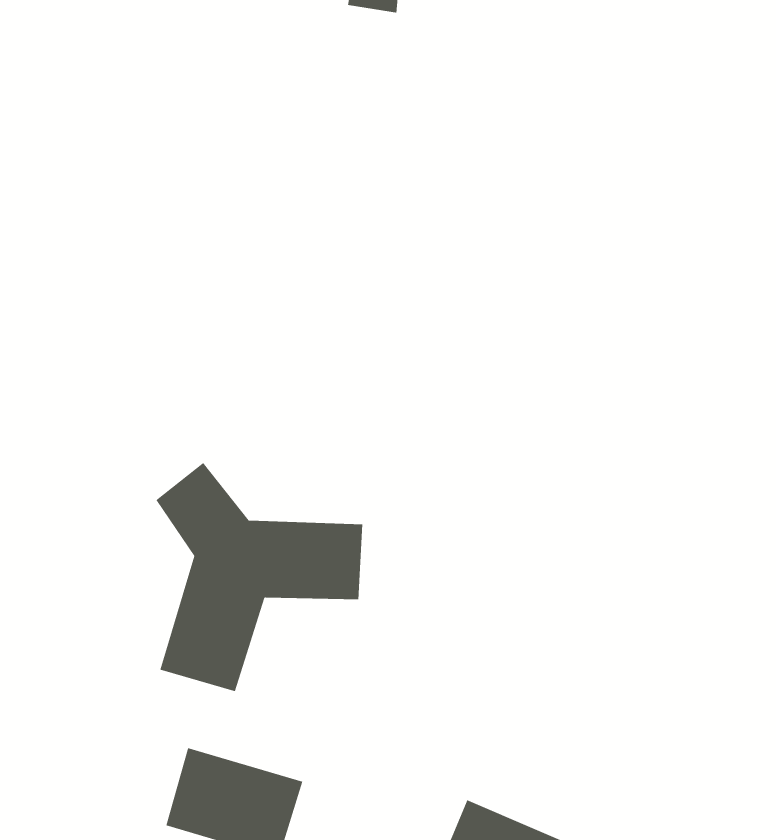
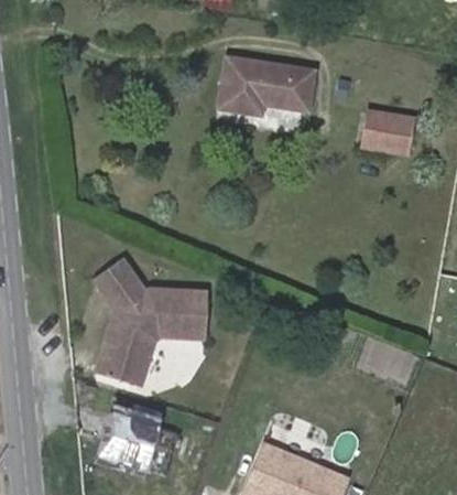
building: none -> [219,56,312,112]
building: none -> [363,111,411,151]

